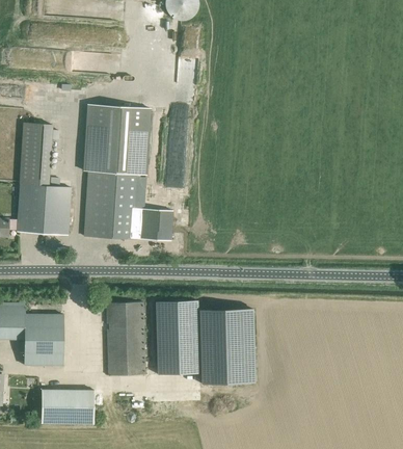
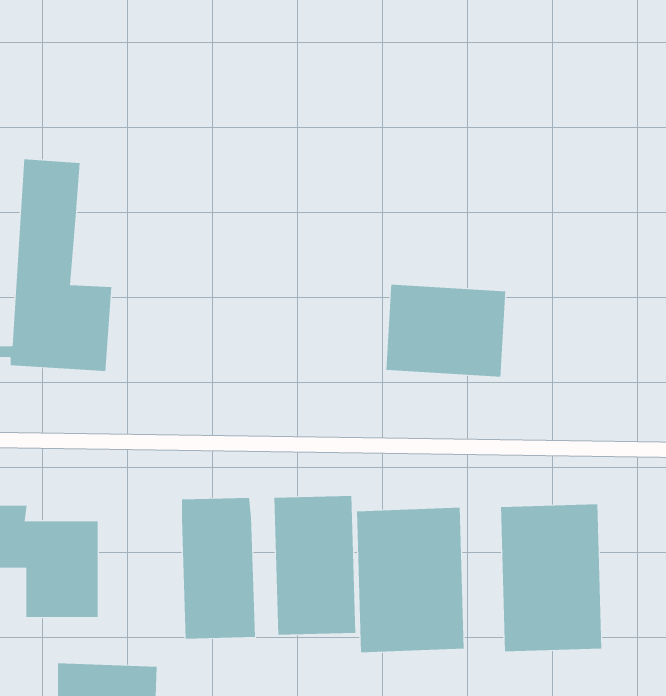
building: [84,104,177,240] -> none
building: none -> [386,284,506,377]
building: none -> [500,503,602,652]

